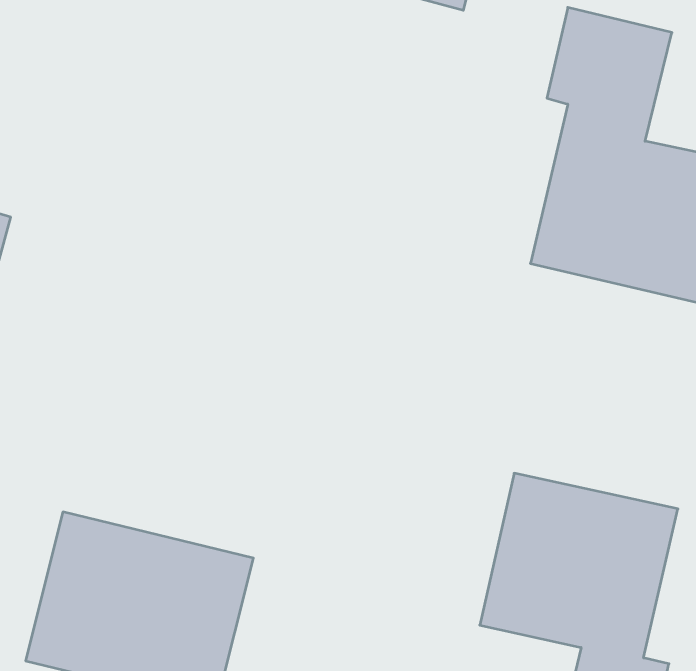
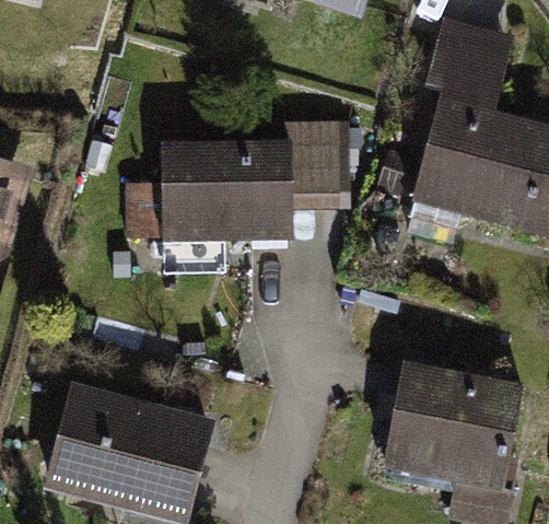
building: none -> [161,119,343,244]

